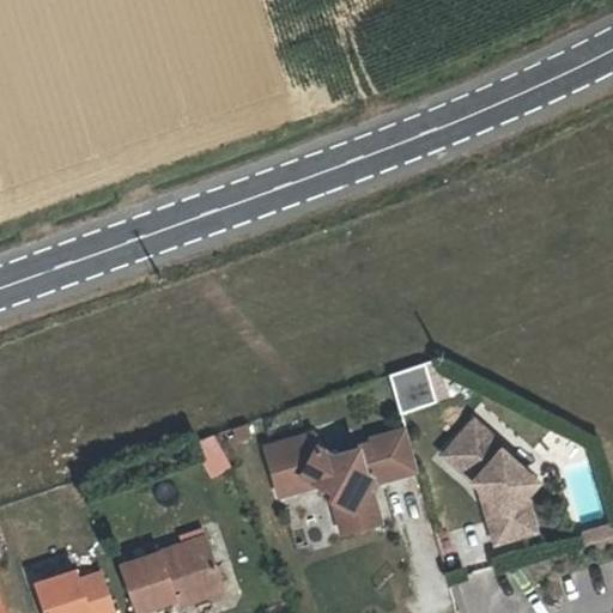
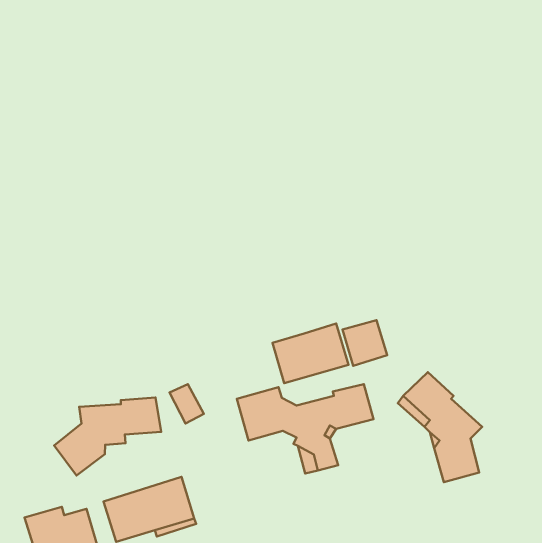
building: none -> [273,323,348,383]
building: none -> [54,398,161,475]

